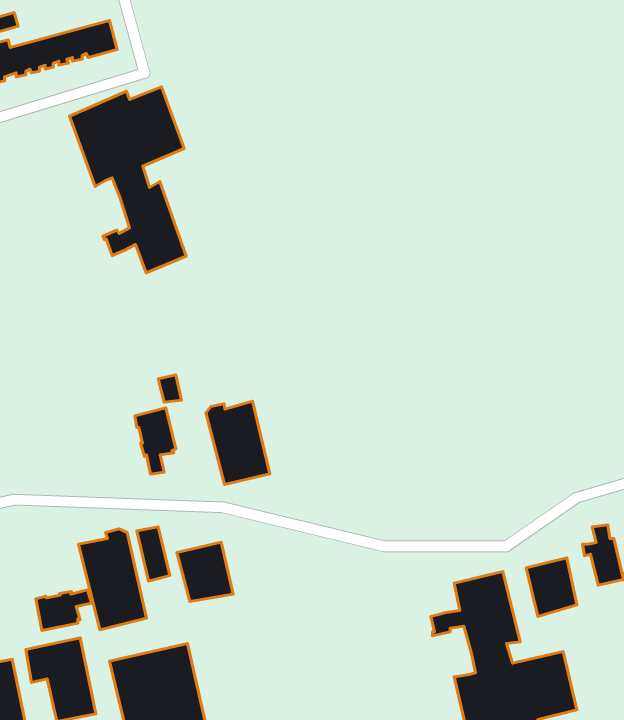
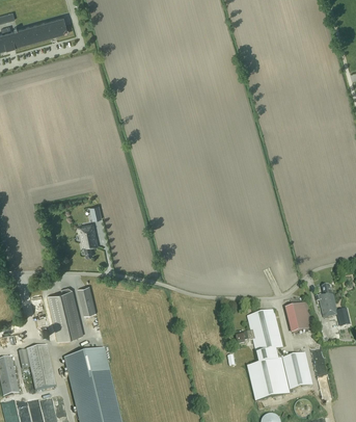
building: [70,87,186,273] -> none
building: [206,401,270,484] -> none
building: [177,542,233,602] -> none
building: [36,590,91,630] -> none

